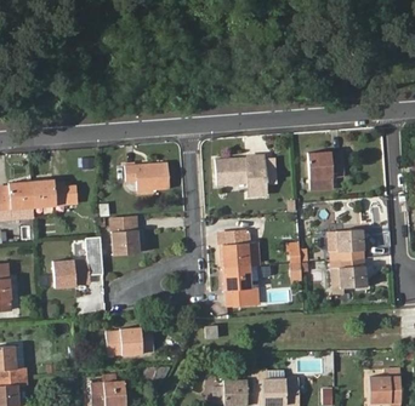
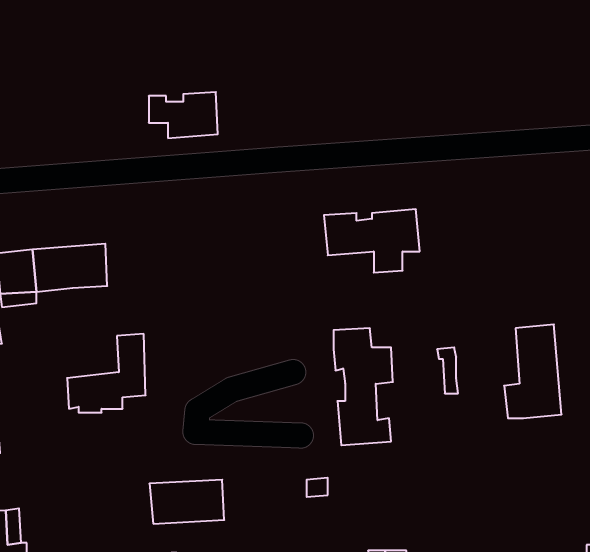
building: [308,151,345,190] -> none
building: [125,162,169,191] -> [149,92,218,138]
building: [110,217,138,255] -> none

